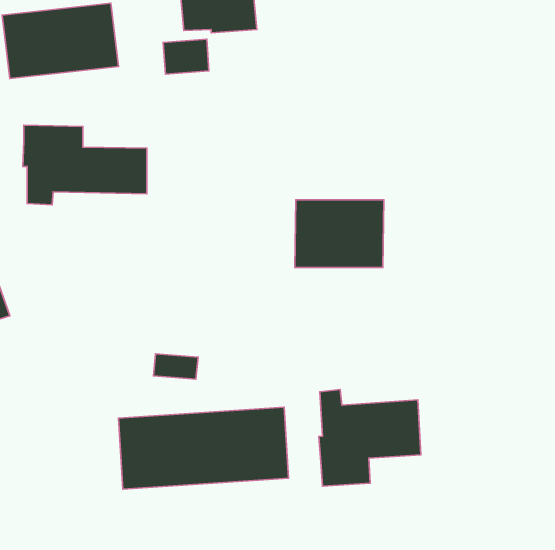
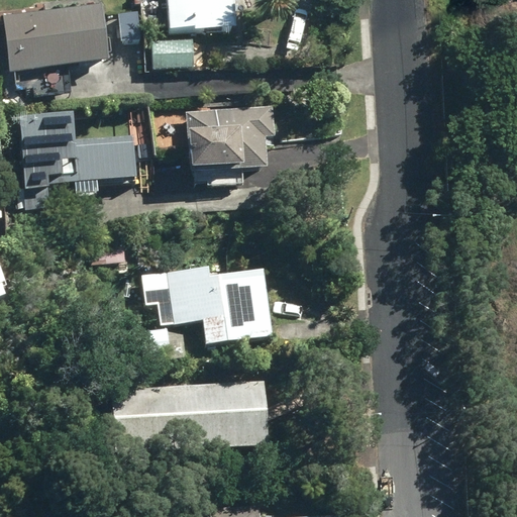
building: [295,200,384,267] -> [187,107,270,170]
building: none -> [140,267,272,342]
building: [319,390,421,486] -> none

